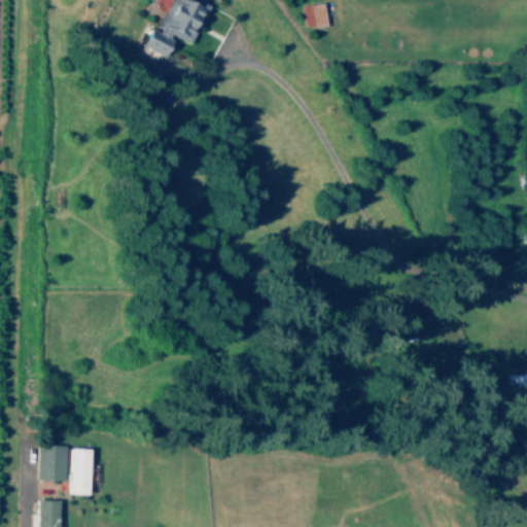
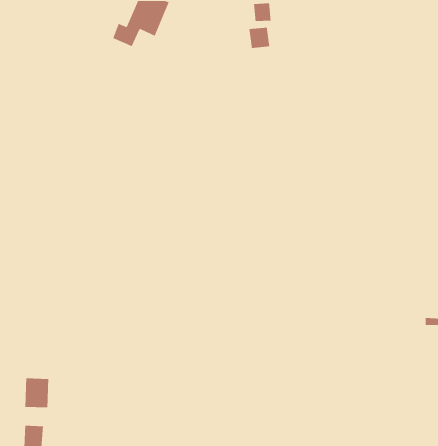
building: none -> [248,27,270,49]
building: [72,449,93,496] -> none

